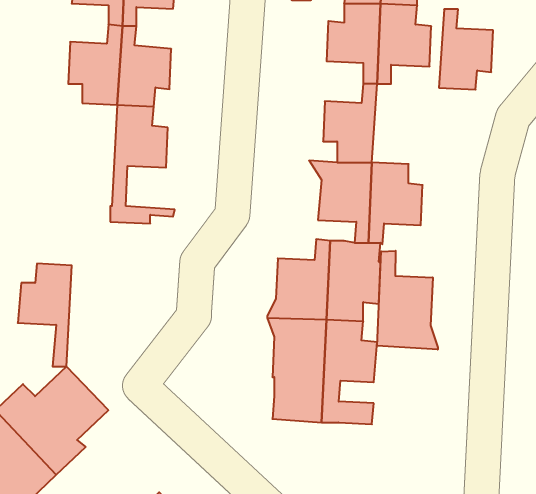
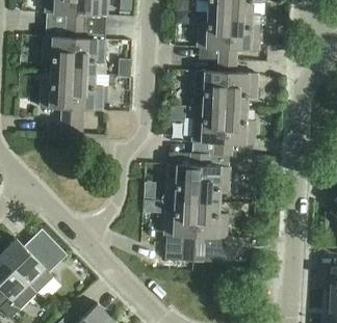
building: [439,9,493,90] -> [225,61,257,109]
building: [377,251,438,350] -> none
building: [18,264,72,367] -> [41,73,73,134]

